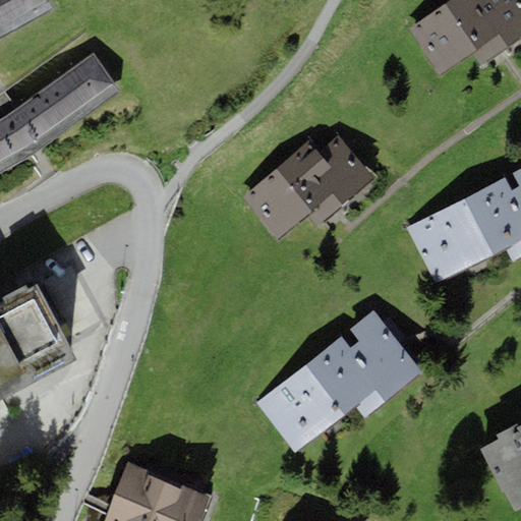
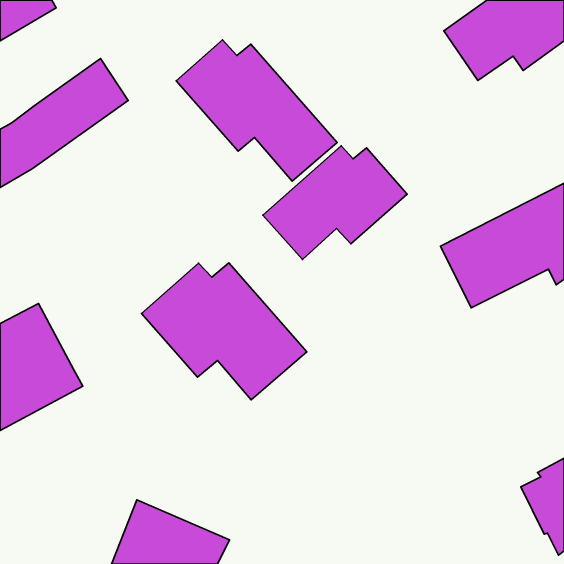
building: none -> [176,40,337,181]
building: none -> [141,263,307,400]
building: [255,310,423,453] -> none

